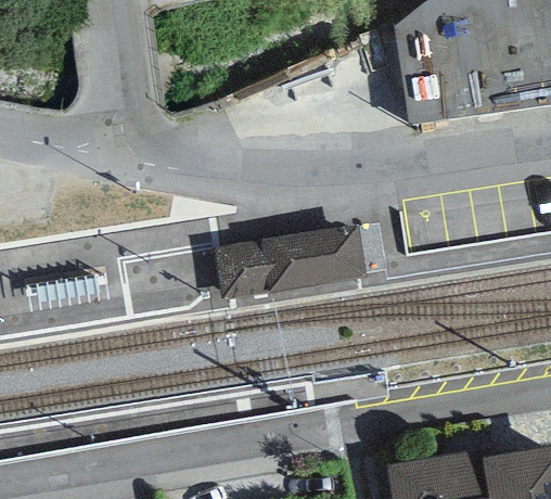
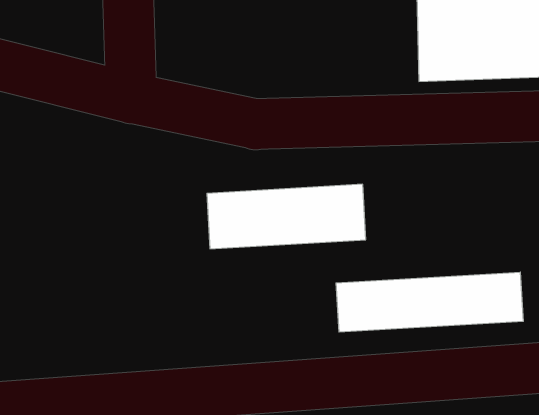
building: none -> [336,272,523,332]

